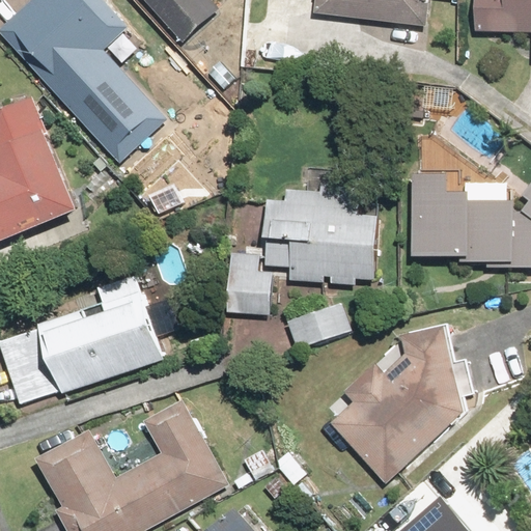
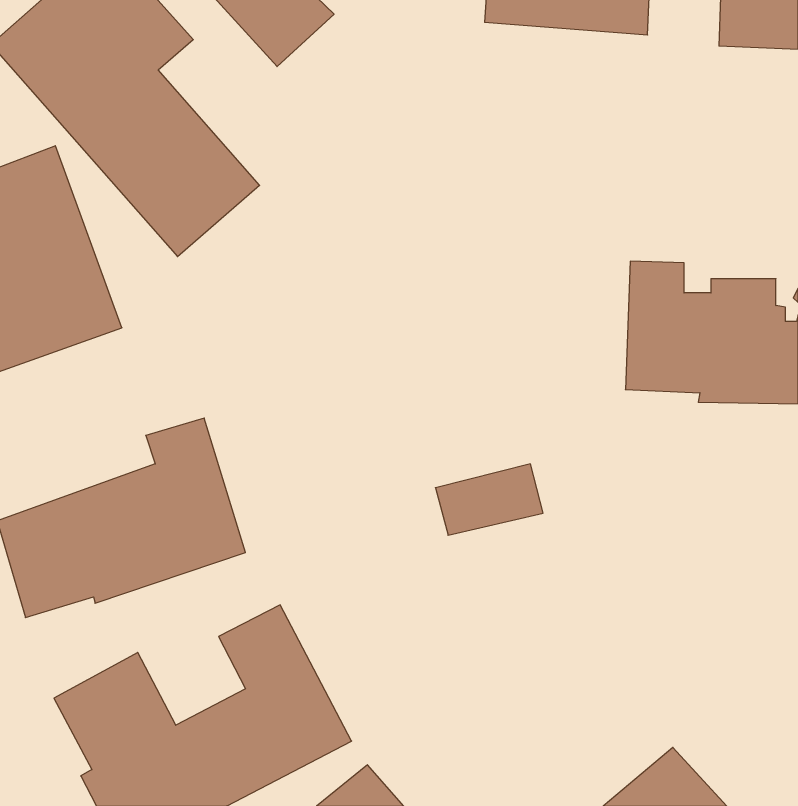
building: [226,188,380,313] -> none
building: [328,325,474,483] -> none

